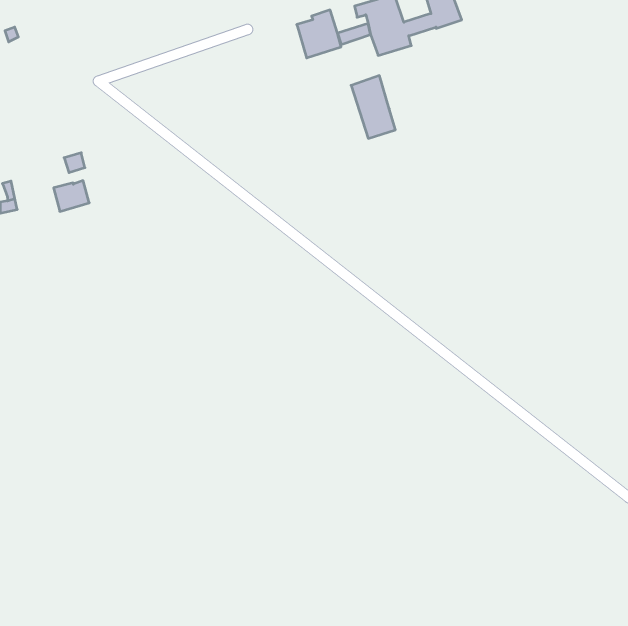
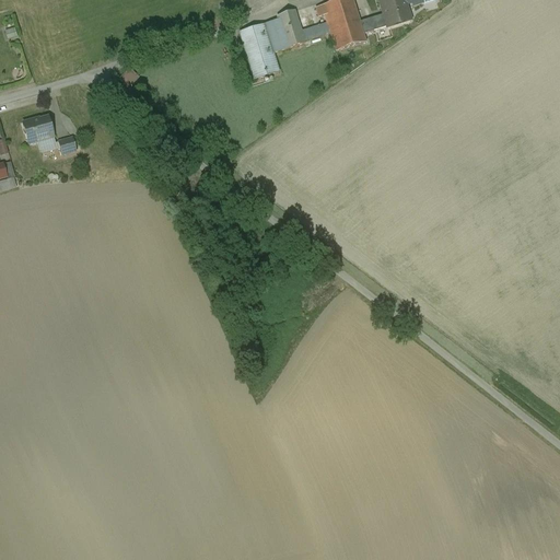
building: [351,76,395,138] -> [240,22,279,78]
building: [54,181,89,211] -> [23,115,55,142]

